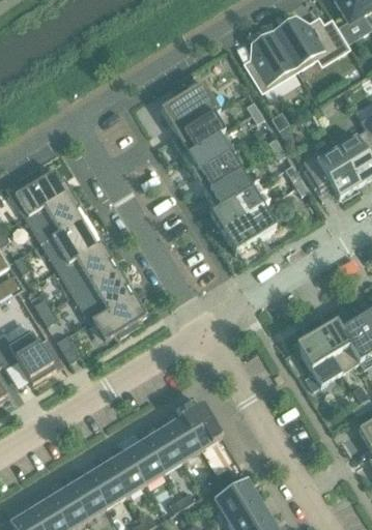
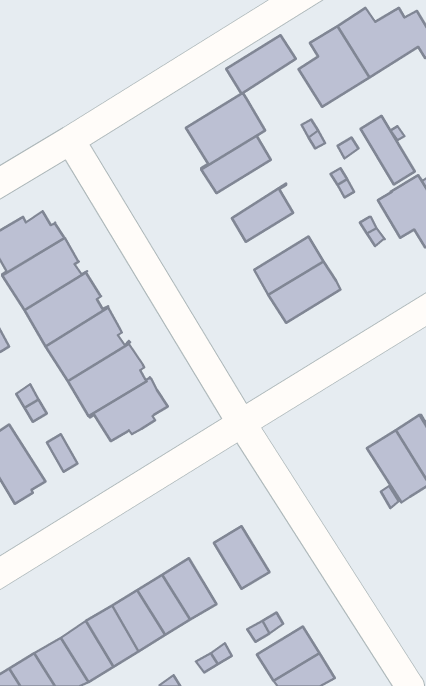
building: none -> [360,116,415,185]
building: [182,130,234,174] -> [226,35,296,94]
building: [204,170,251,212] -> none
building: [162,415,201,461] -> none

